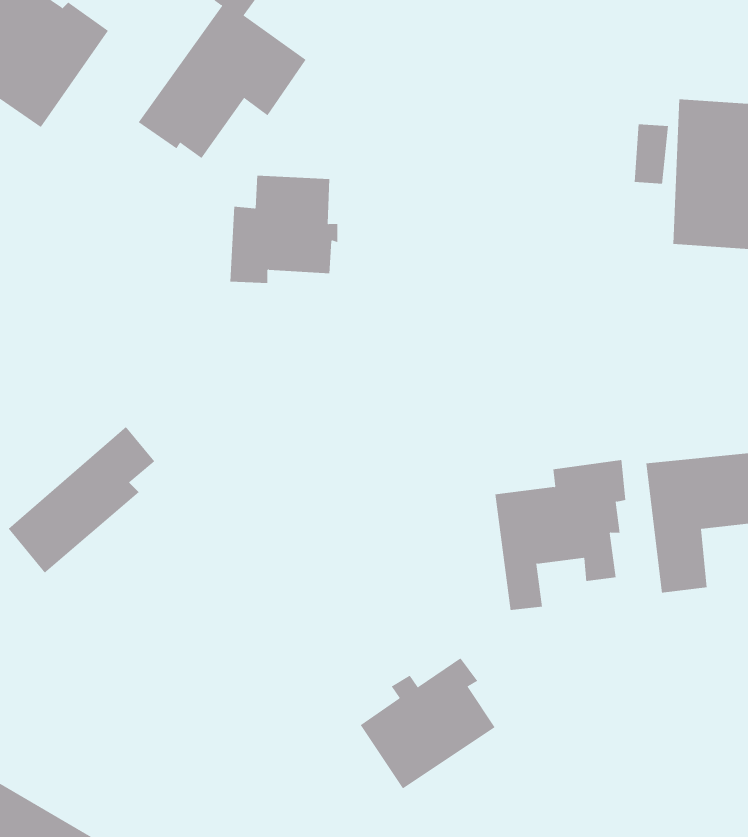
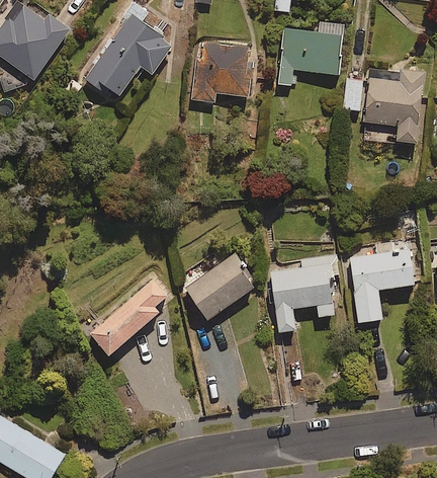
building: none -> [279,23,344,84]
building: [230,175,338,284] -> [195,44,252,100]
building: [8,426,155,574] -> [90,278,167,355]
building: [360,657,496,789] -> [184,252,255,321]

